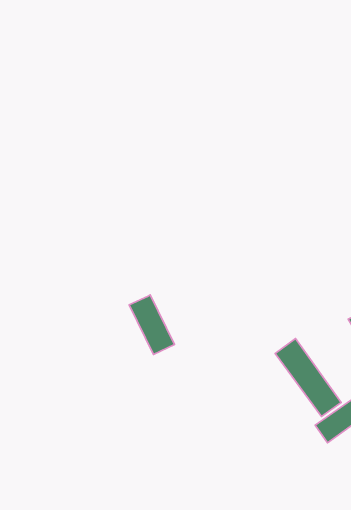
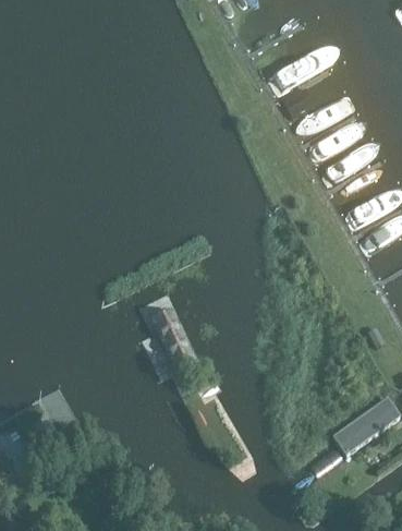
building: [275,338,341,416] -> none

